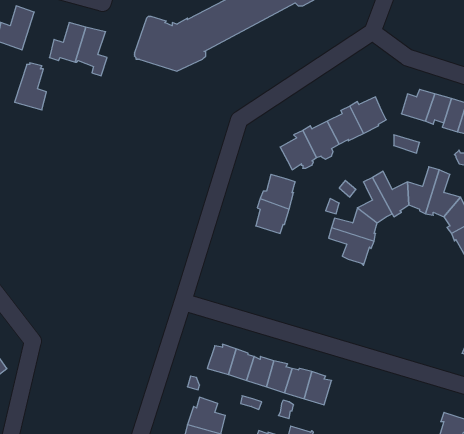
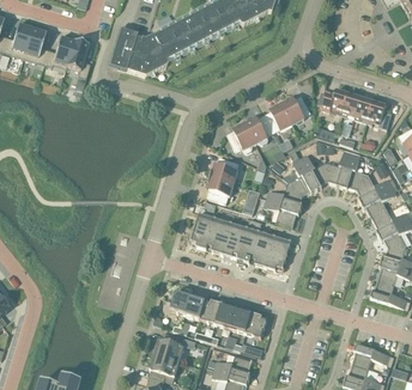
building: [15,63,46,110] -> [23,26,48,63]
building: none -> [192,212,291,269]

